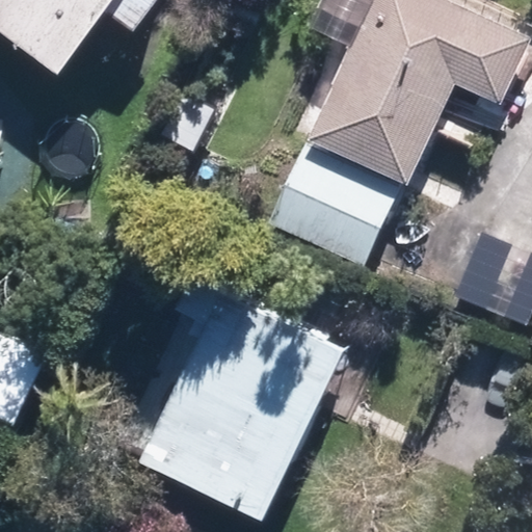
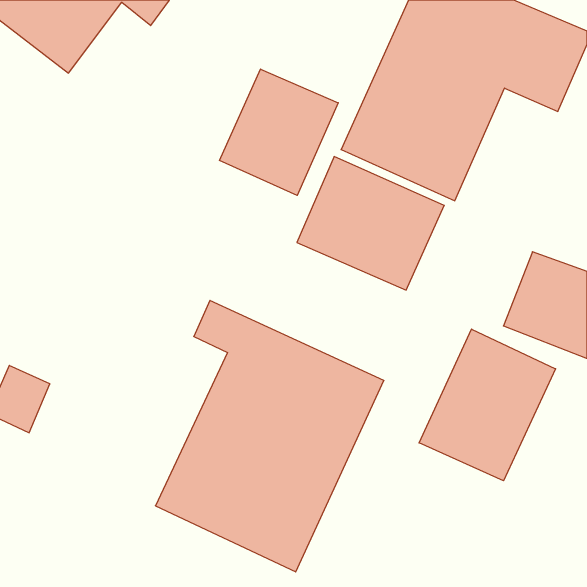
building: none -> [220,69,338,195]
building: none -> [419,329,556,481]

